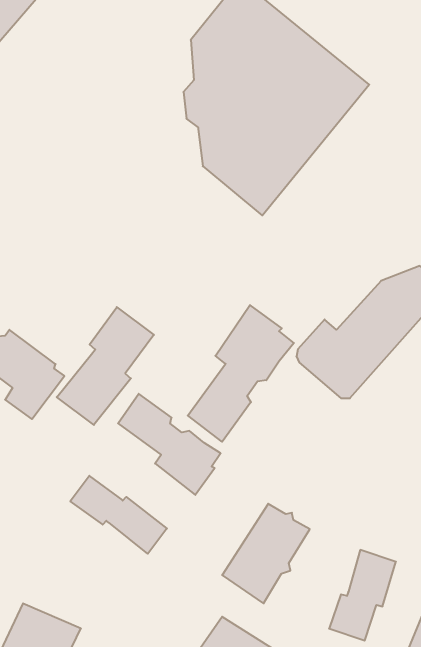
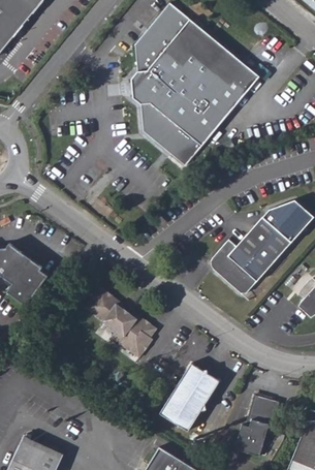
building: [188,305,294,442] -> none
building: [57,307,154,425] -> none
building: [70,476,167,554] -> none

